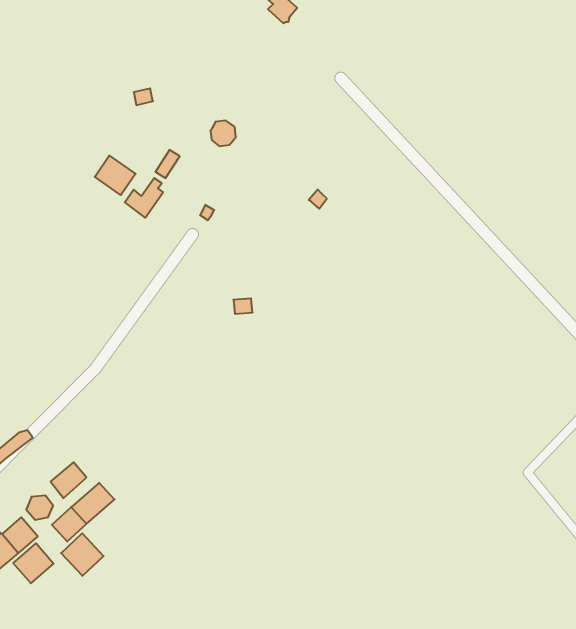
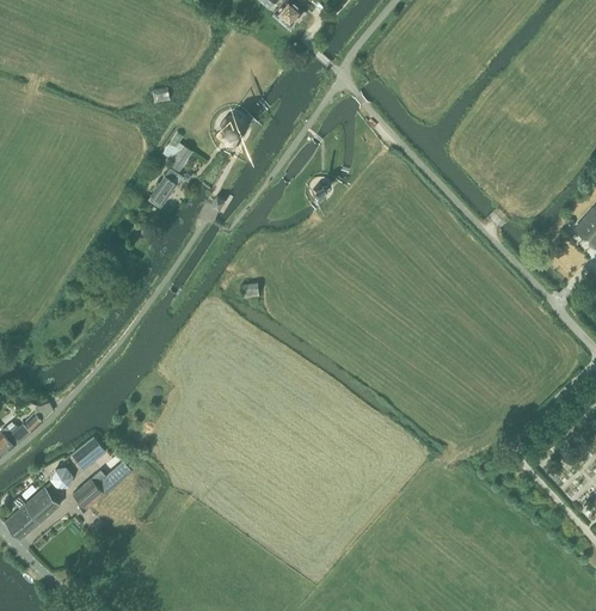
building: [95,156,136,195] -> none
building: [61,533,104,576] -> none
building: [13,543,54,583] -> none

